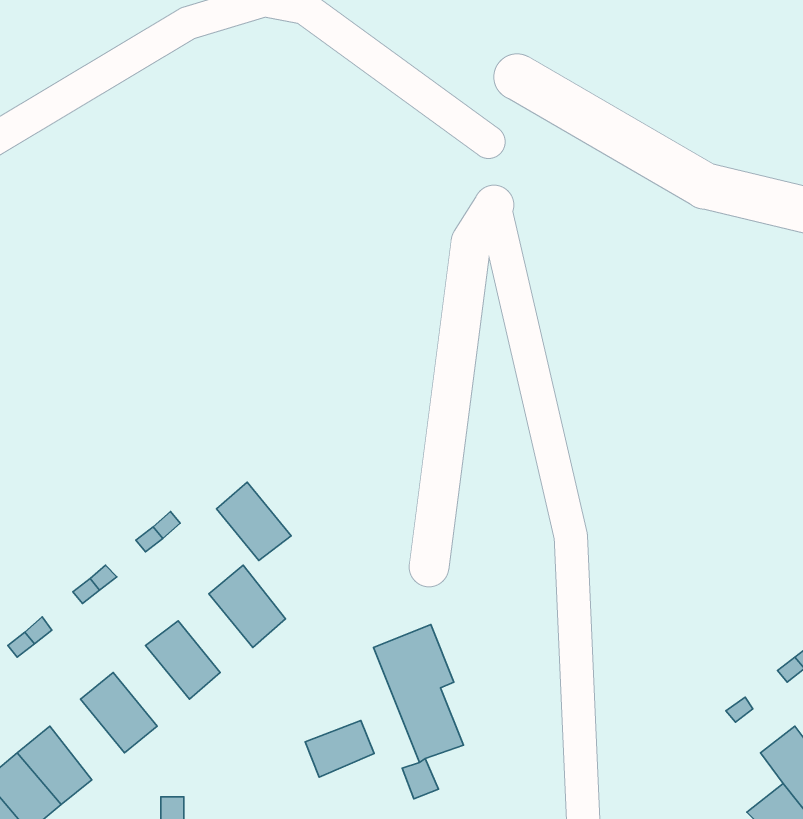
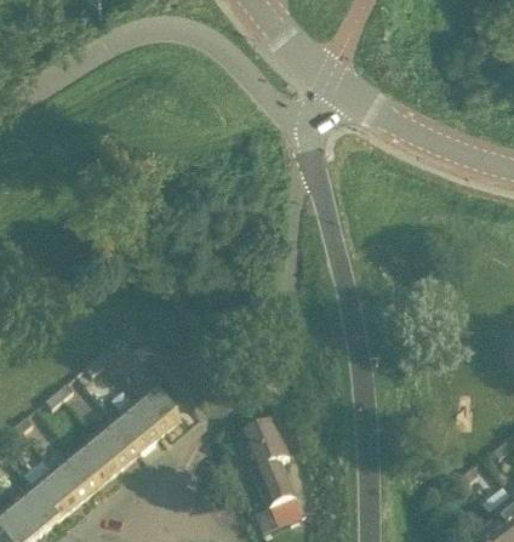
building: [217,482,291,561] -> [115,399,162,449]
building: none -> [74,432,122,483]
building: none -> [34,466,81,517]
building: [305,721,374,777] -> none

